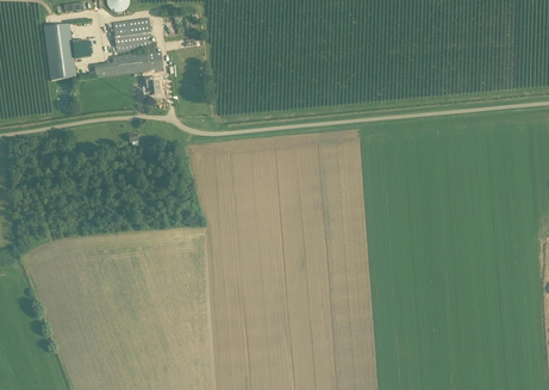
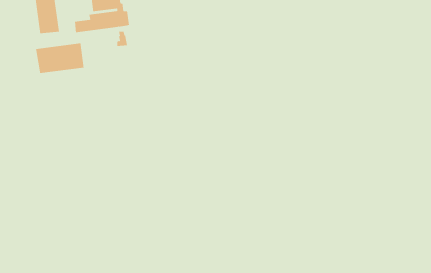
building: none -> [35,42,84,74]

